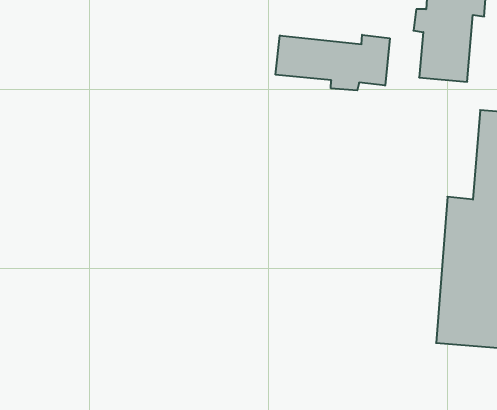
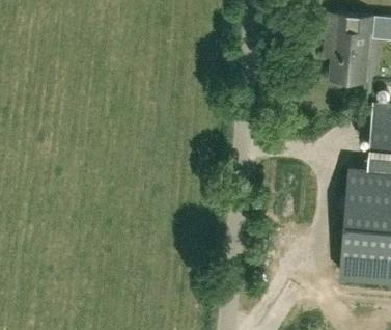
building: [276,35,390,90] -> none

